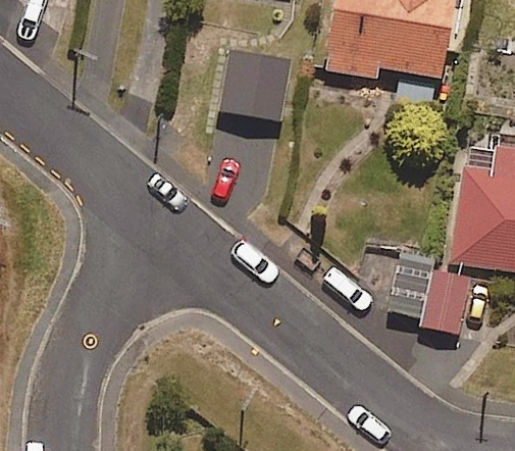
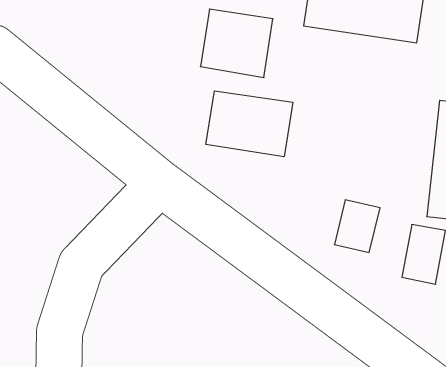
building: none -> [206,91,293,157]

